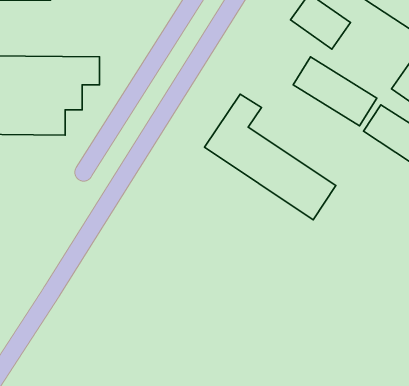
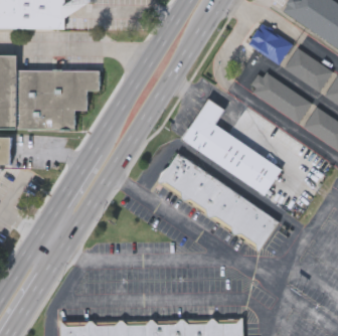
building: none -> [283,47,332,92]
building: none -> [157,153,277,249]

